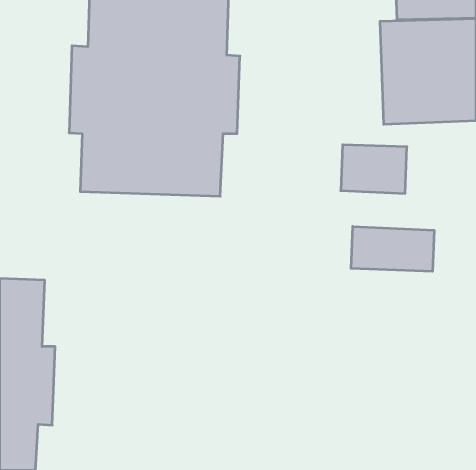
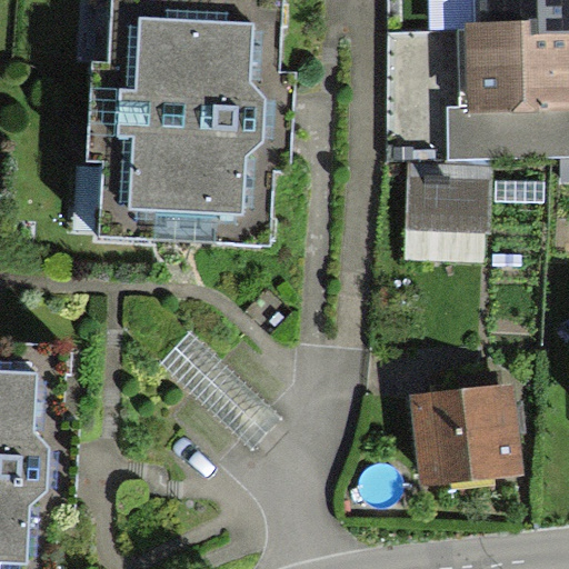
building: [351,226,434,271] -> none
building: none -> [410,389,510,475]

